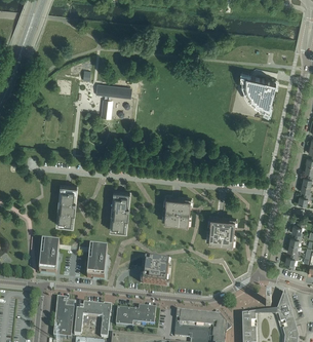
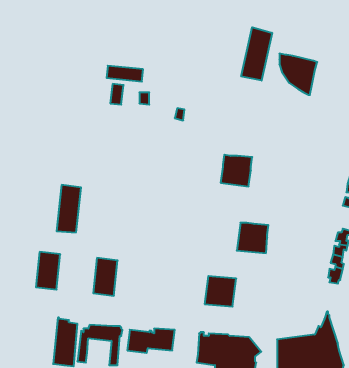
building: none -> [241,27,272,81]
building: [109,191,129,232] -> none
building: [163,197,190,224] -> [221,155,252,186]
building: [142,260,168,286] -> [205,276,236,307]

